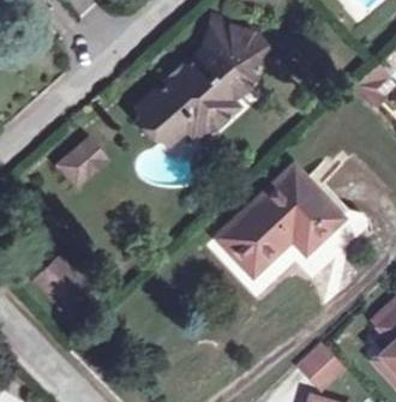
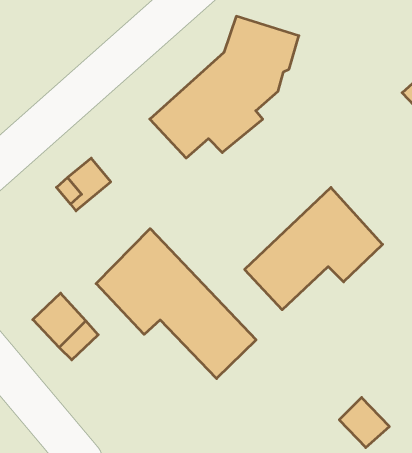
building: none -> [96,229,256,379]

